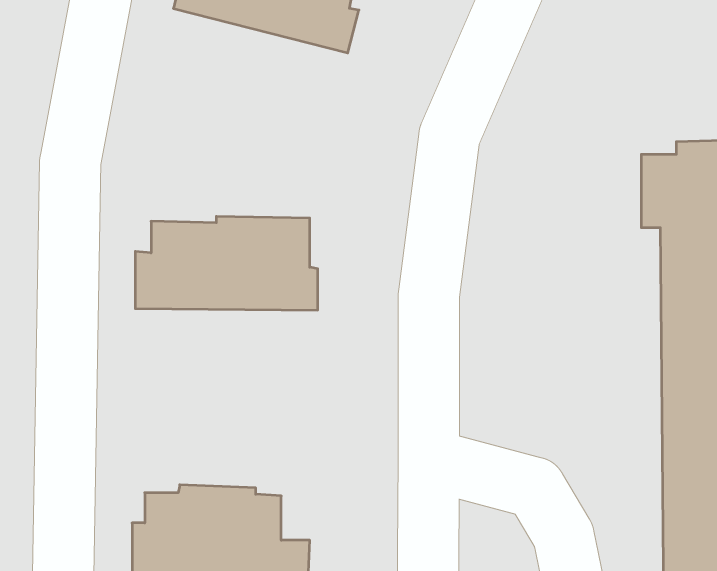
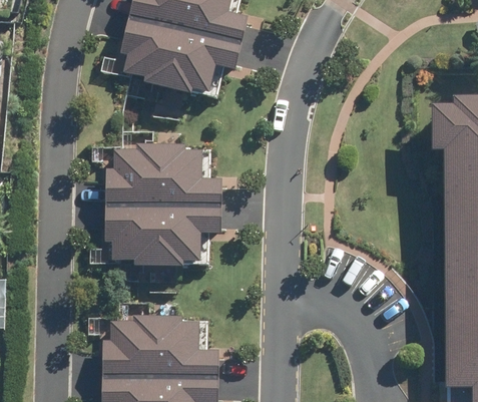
building: none -> [120,15,240,96]
building: none -> [104,205,220,263]

